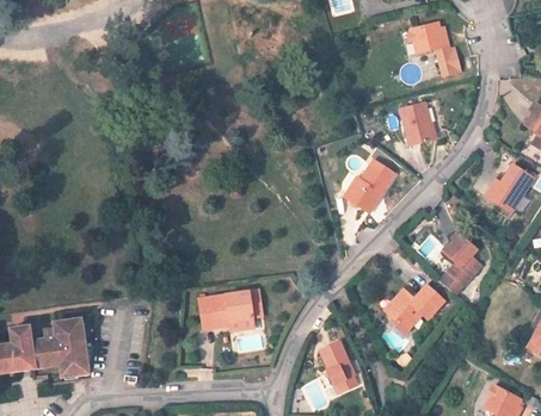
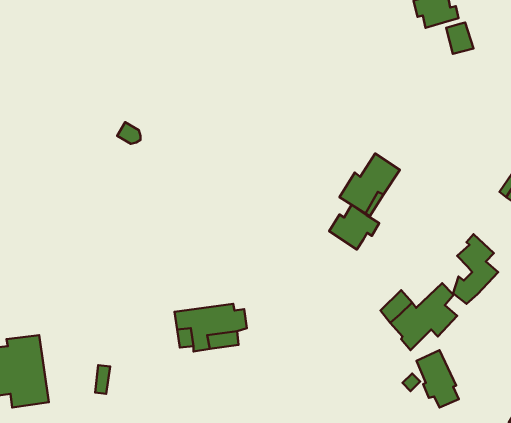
building: [399,101,434,145] -> none
building: none -> [329,205,379,250]
building: [321,341,358,391] -> [416,350,459,407]

